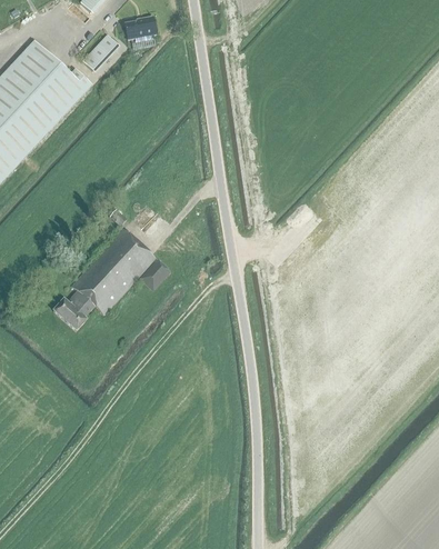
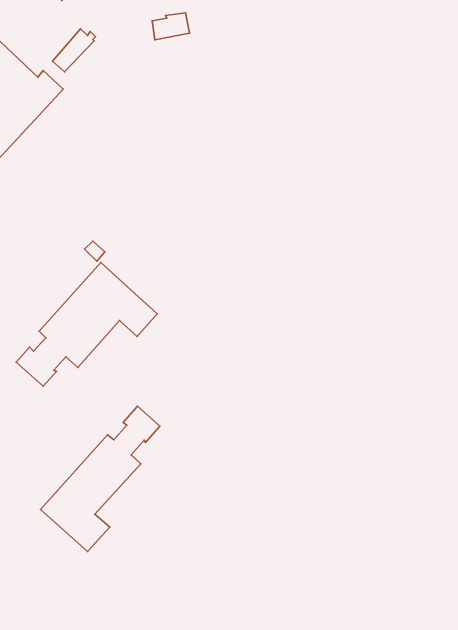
building: [126,16,157,38] -> [152,13,190,40]
building: none -> [40,406,160,552]

